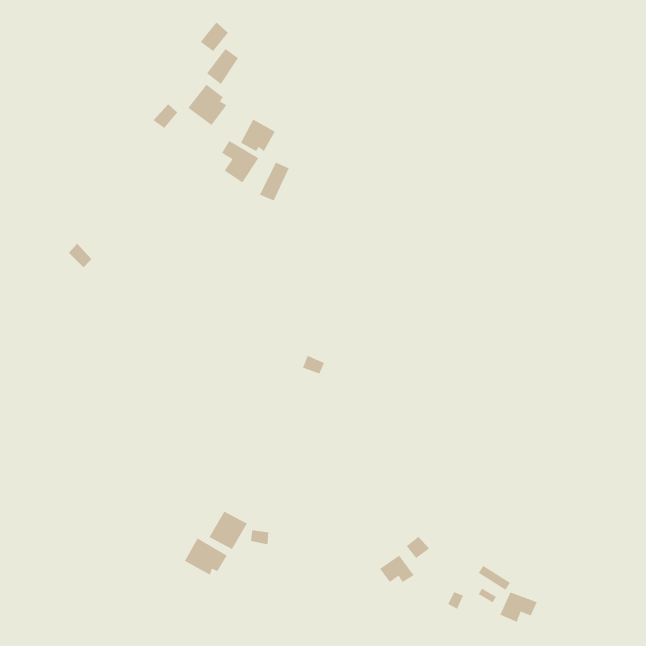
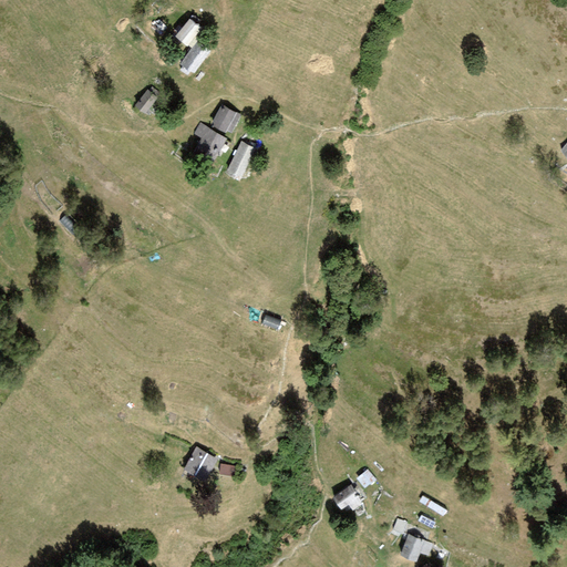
building: [187,84,227,126] -> none
building: [184,538,227,576] -> none
building: [500,592,538,622] -> [400,535,433,561]

